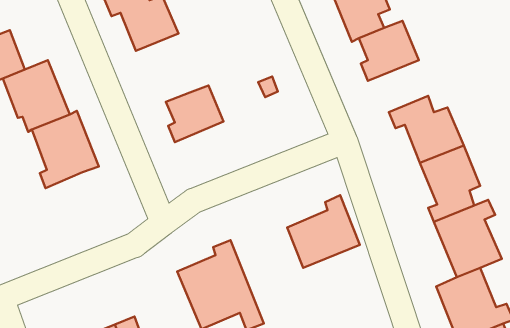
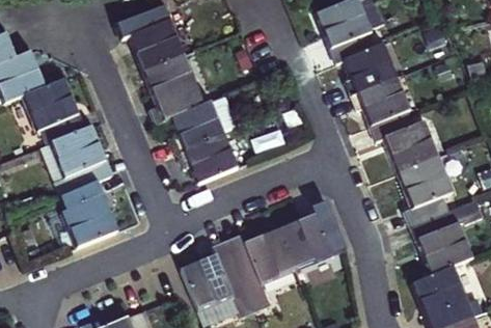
building: none -> [144,54,197,121]
building: none -> [353,78,410,125]
building: none -> [180,133,238,182]
building: none -> [63,179,117,245]
building: none -> [229,228,295,315]

